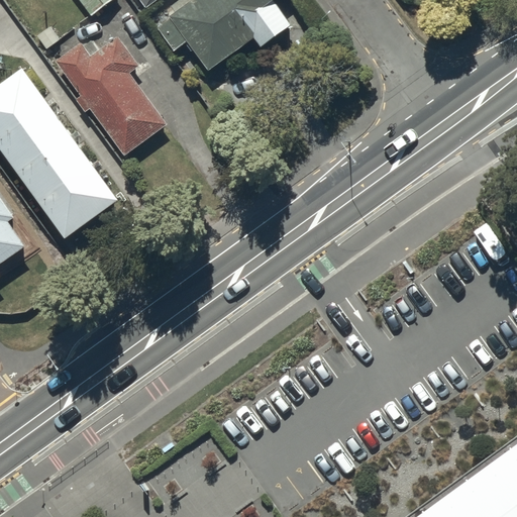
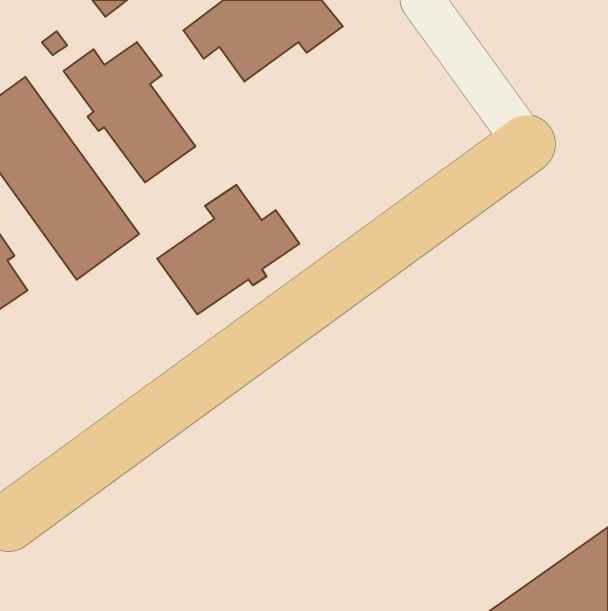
building: none -> [157,185,299,314]

